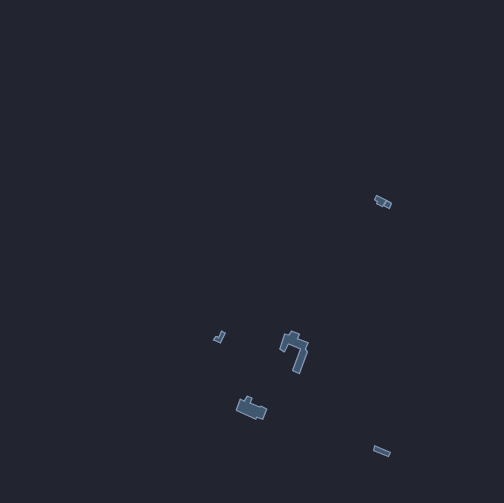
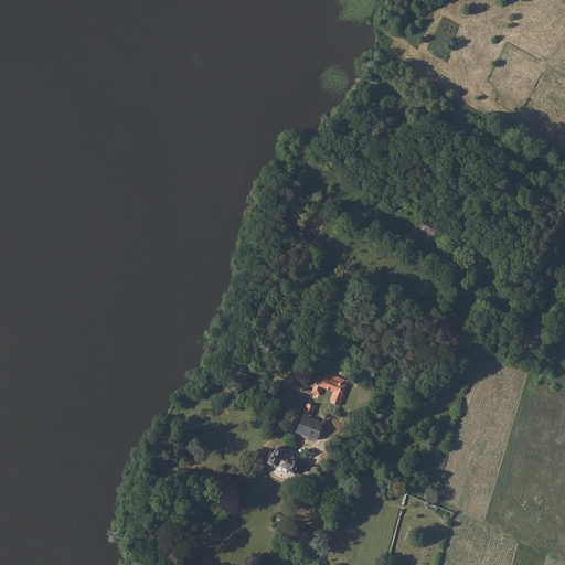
building: none -> [297,404,322,440]

